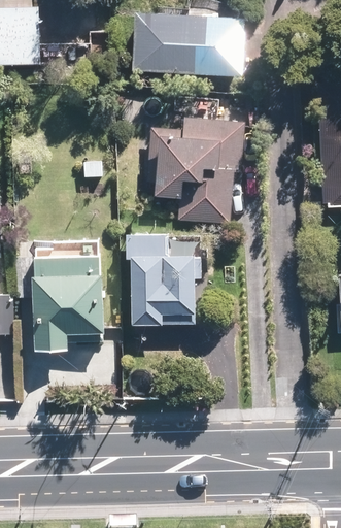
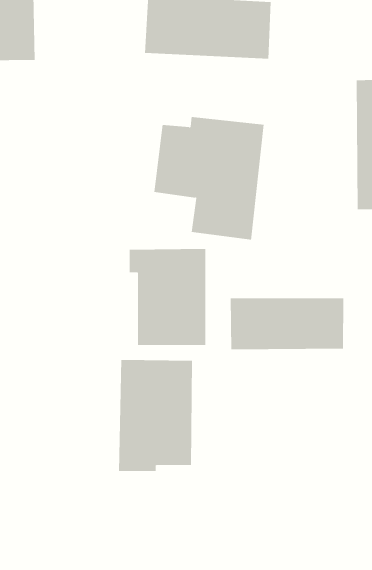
building: [32,248,98,346] -> [118,359,193,471]
building: none -> [230,297,344,350]

